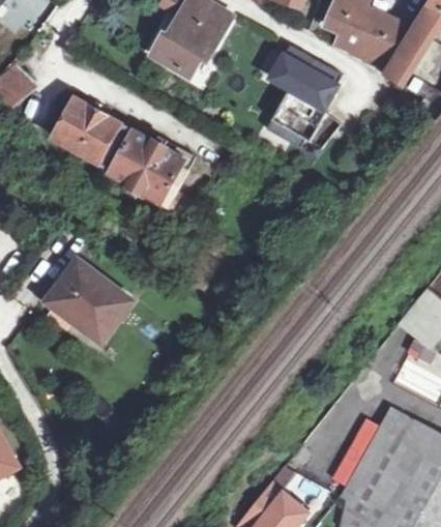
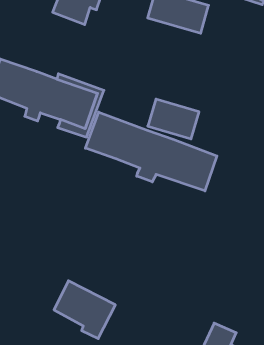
building: [267,96,332,152] -> [148,99,199,139]
building: none -> [85,112,217,191]
building: [57,268,133,345] -> [54,281,115,339]

